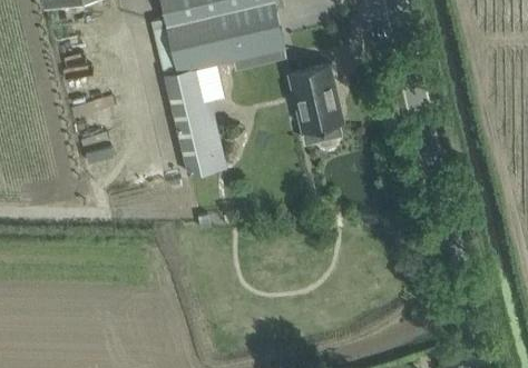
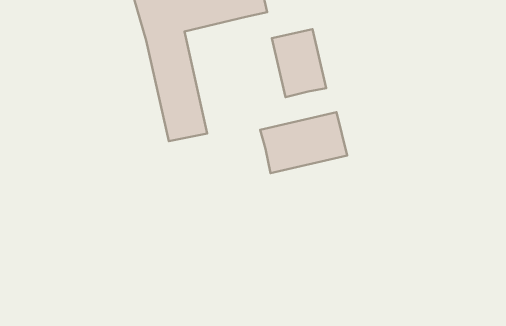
building: none -> [260,112,347,173]

